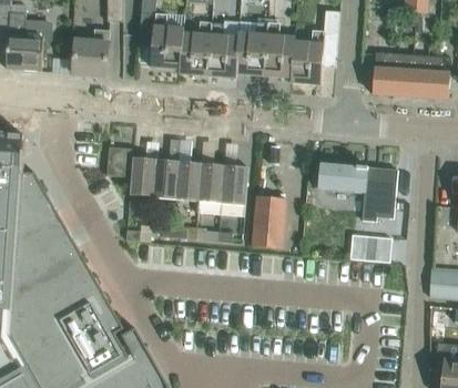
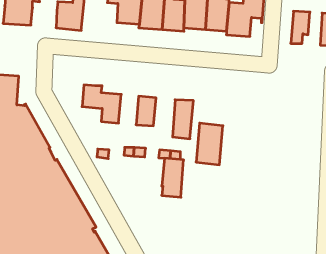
building: [387,53,413,95] -> none
building: [153,159,179,197] -> none
building: [318,162,398,221] -> none
building: [197,163,225,213] -> [162,158,184,197]
building: [350,234,391,262] -> none

